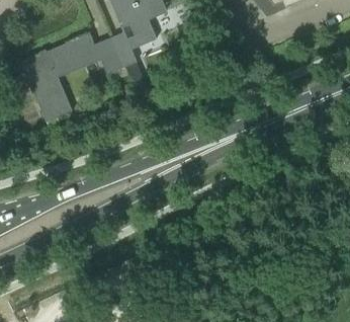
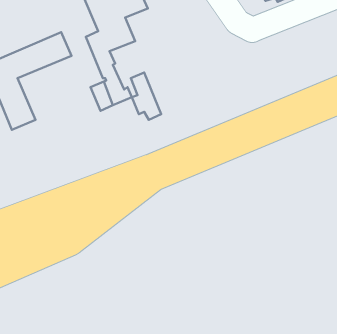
building: [100,37,127,80] -> [131,73,161,120]

